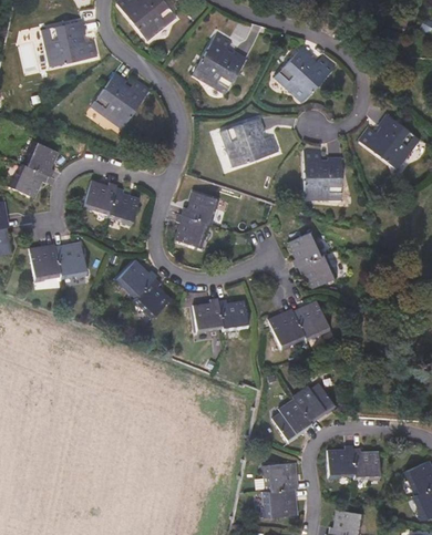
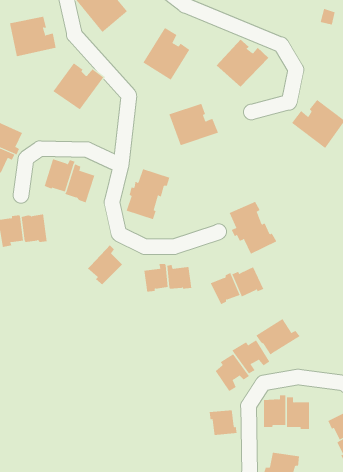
building: [305,151,342,198] -> none
building: [112,261,157,300] -> none
building: none -> [255,318,300,356]
building: [269,488,297,517] -> none

